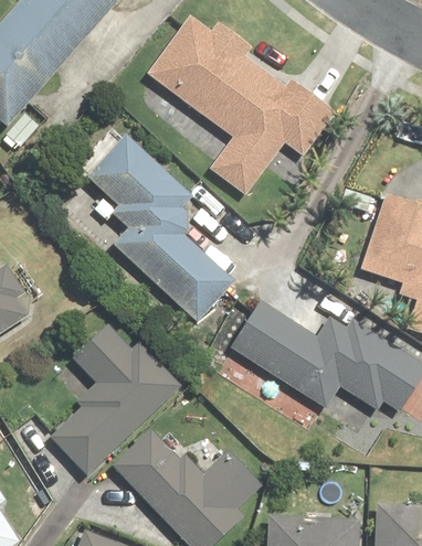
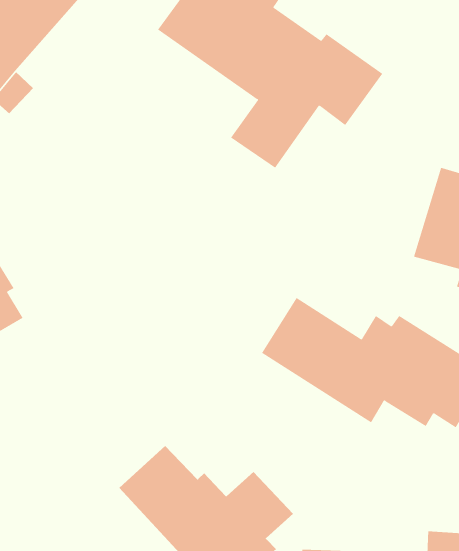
building: [86,129,235,321] -> none
building: [48,319,183,480] -> none

